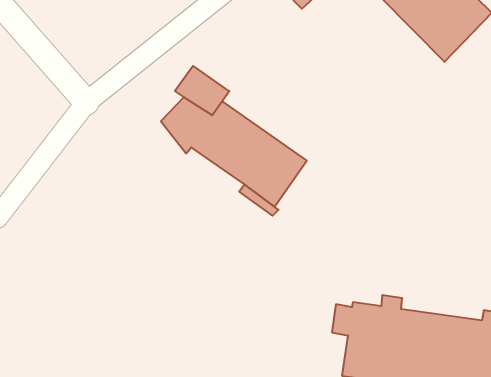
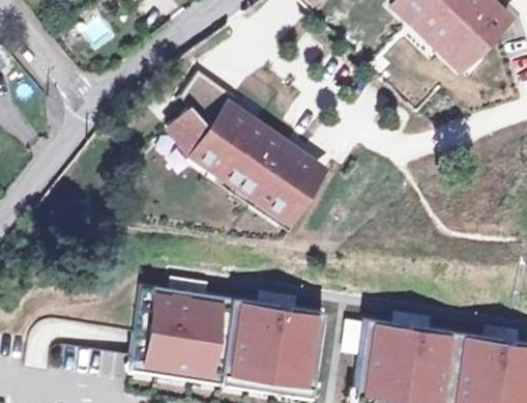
building: none -> [136,281,329,391]

